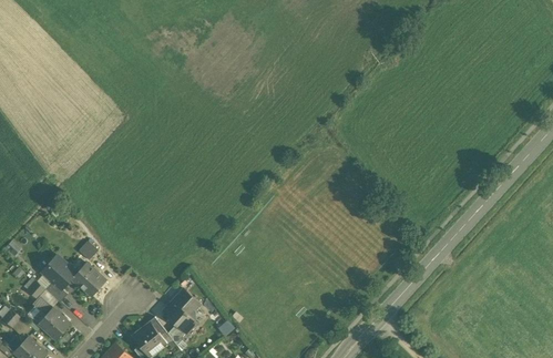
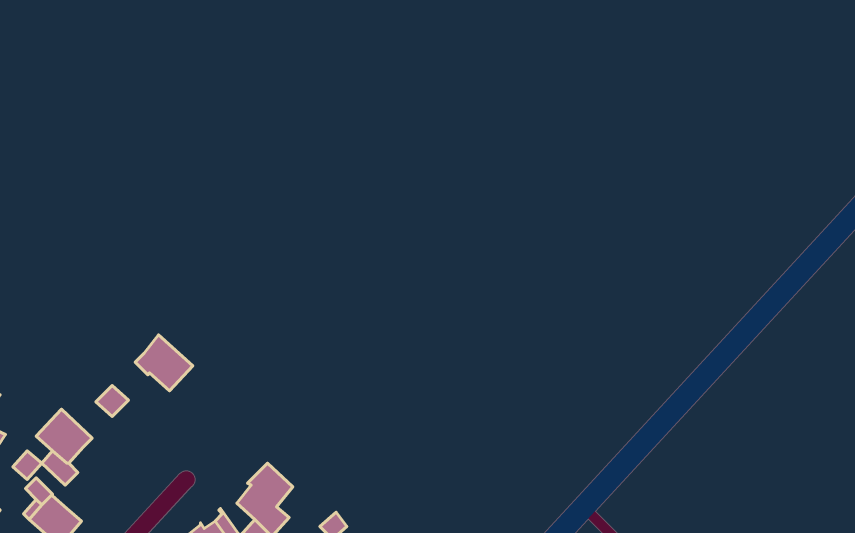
building: [71,262,106,296] -> [135,335,193,391]

